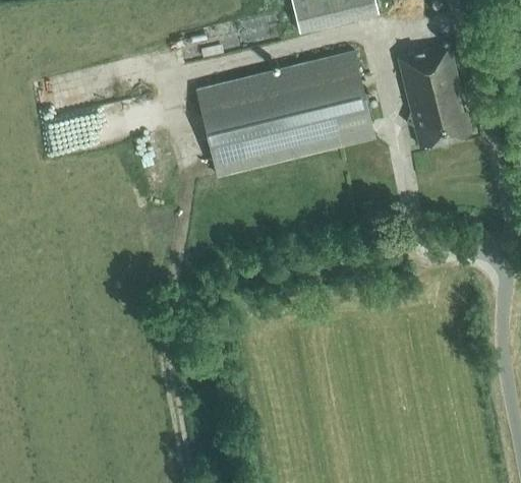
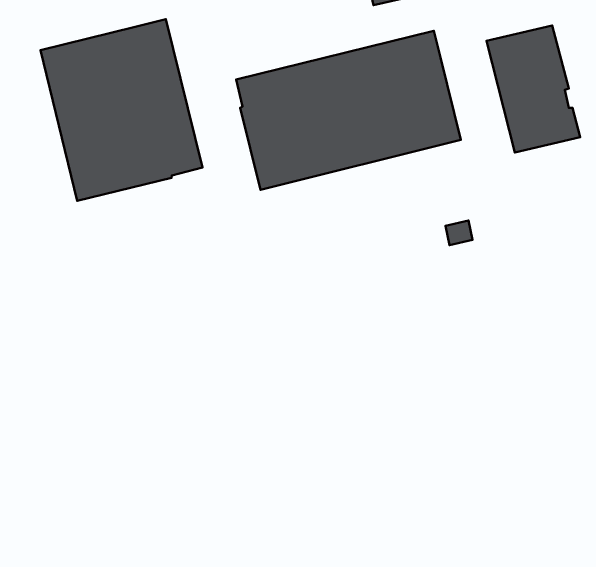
building: none -> [41,19,203,201]

